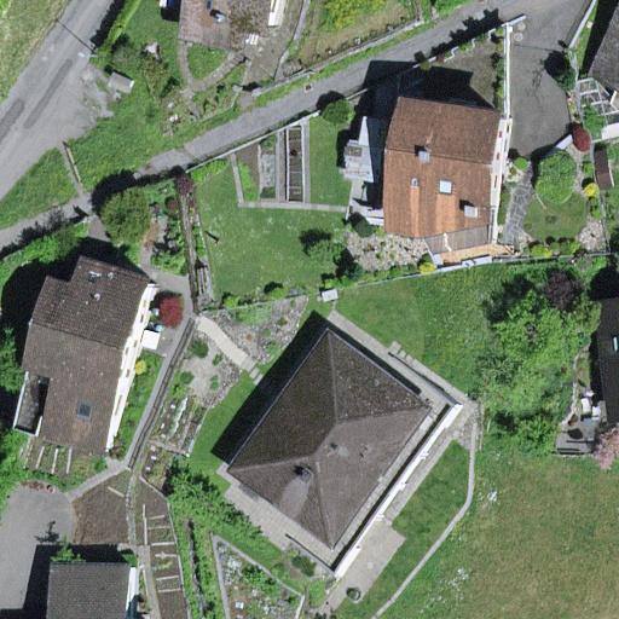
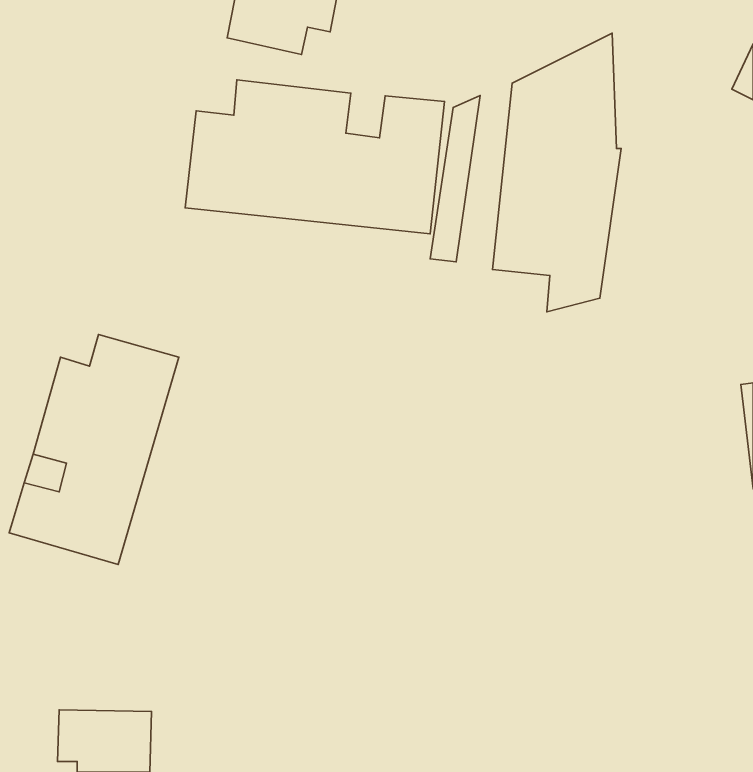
building: none -> [185,80,444,234]
building: [227,339,434,550] -> none

